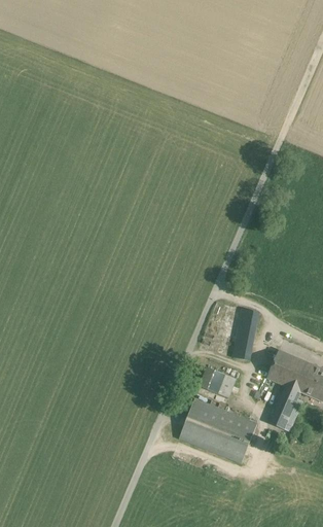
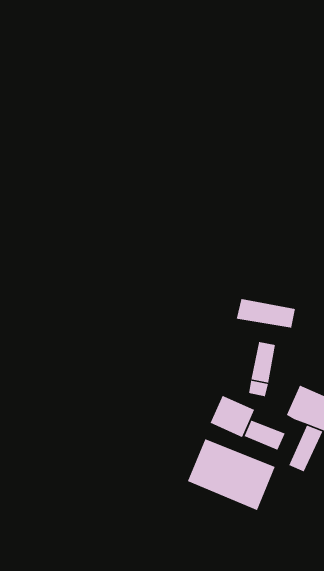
building: none -> [236,298,296,328]
building: none -> [243,420,286,451]

